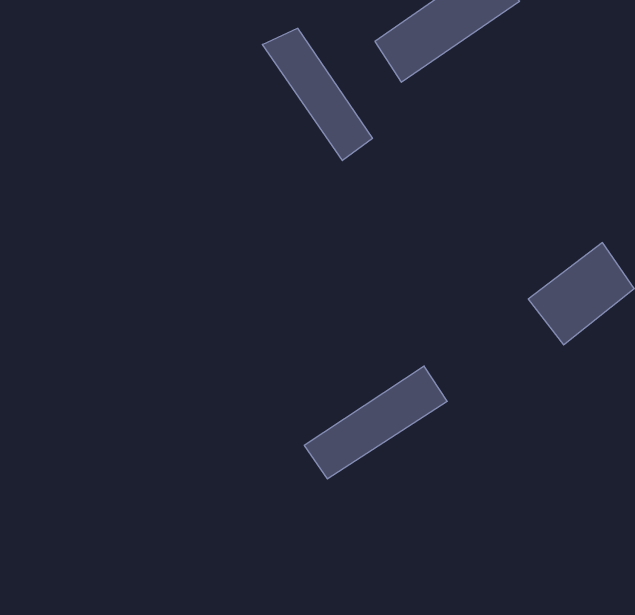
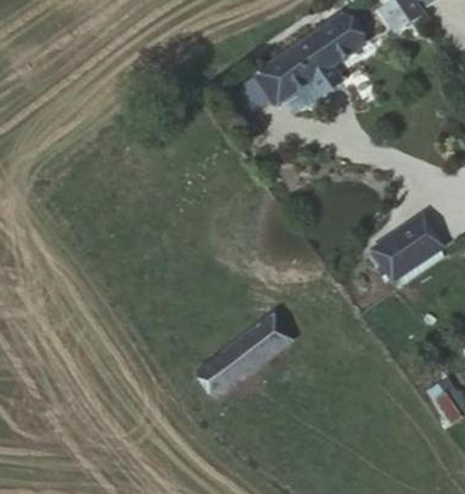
building: [262,28,372,161] -> none

